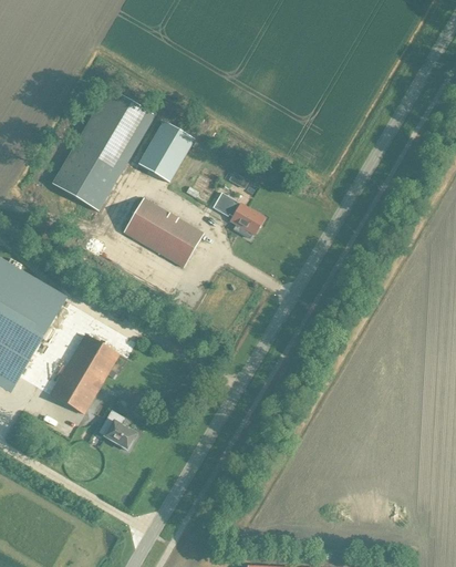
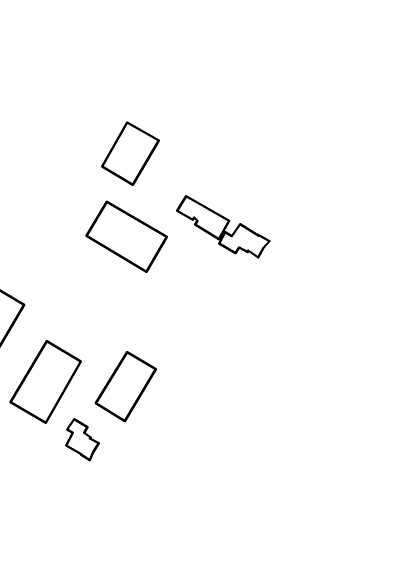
building: [52,86,154,209] -> none
building: none -> [219,224,269,258]
building: none -> [96,352,156,421]

